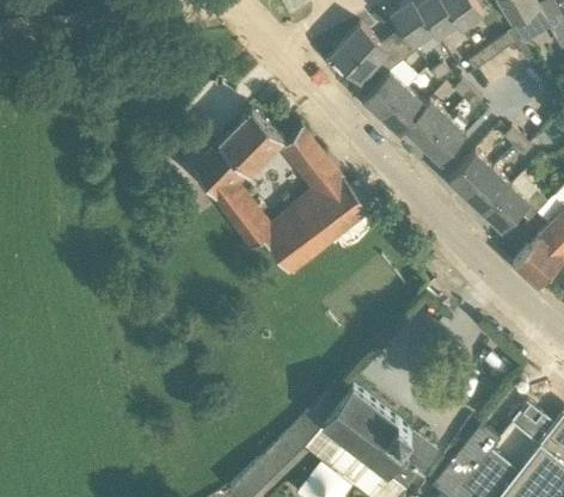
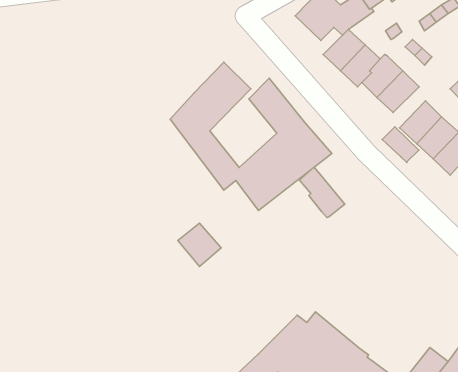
building: none -> [382,127,419,163]
building: none -> [299,167,345,217]
building: none -> [178,223,221,267]

